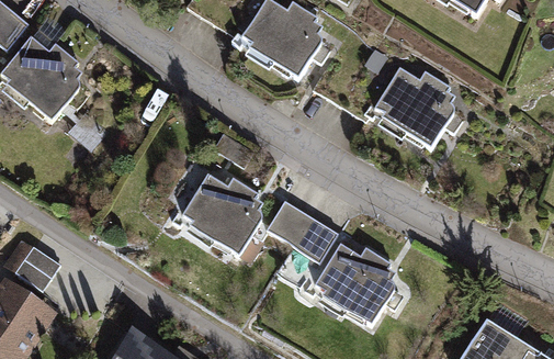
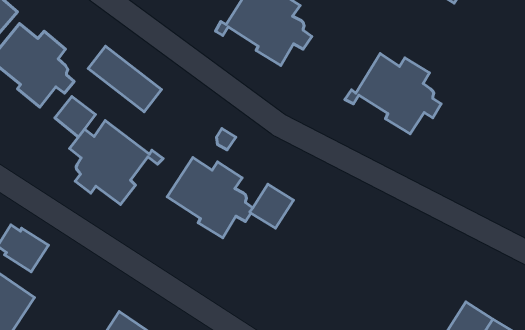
building: none -> [88,46,162,112]
building: none -> [69,120,163,204]
building: [292,216,337,261] -> none
building: [315,242,403,324] -> none

